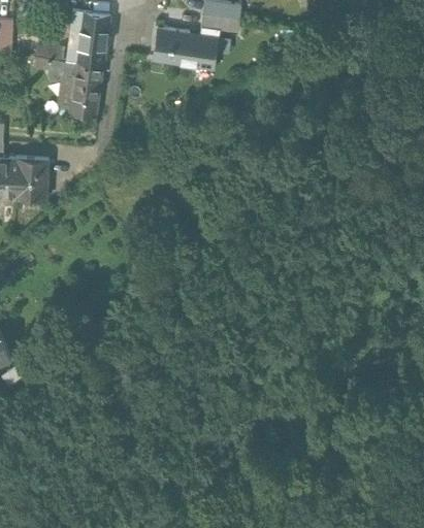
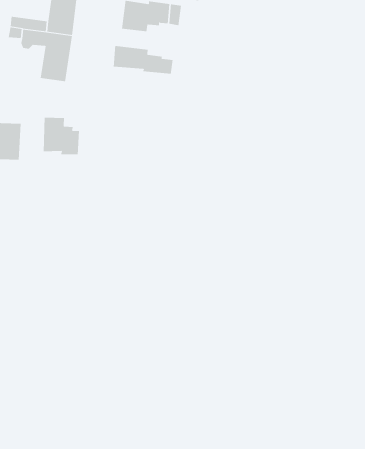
building: none -> [113,45,173,75]
building: none -> [43,117,79,155]

